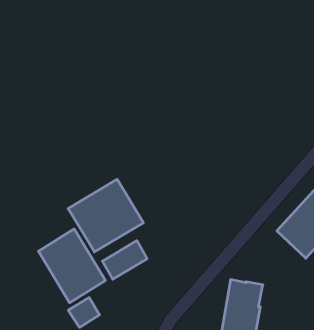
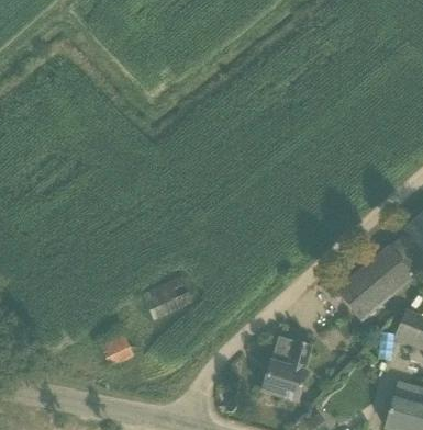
building: [68,179,143,252] -> none
building: [38,229,105,303] -> none

